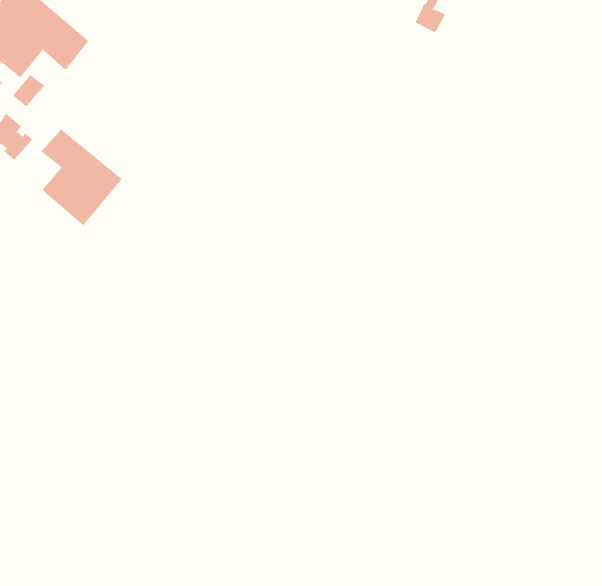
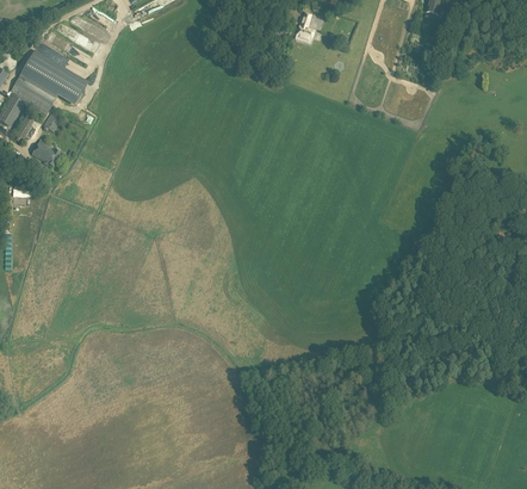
building: [41,129,123,226] -> none

